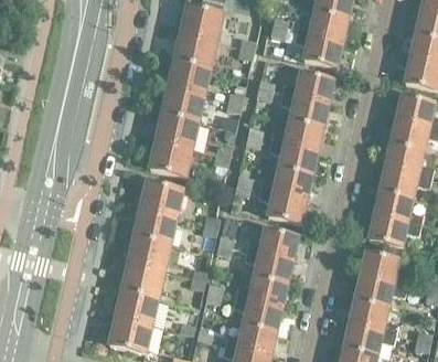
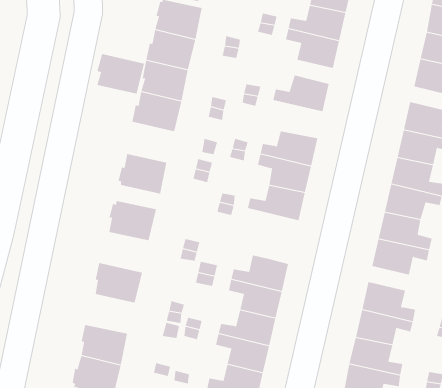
building: [281,93,328,126] -> none
building: [157,111,199,147] -> [96,53,145,94]
building: [259,187,307,222] -> none
building: [132,207,177,243] -> none
building: [120,262,164,296] -> none

